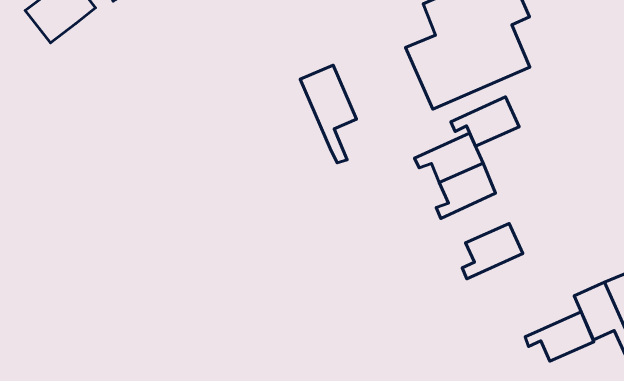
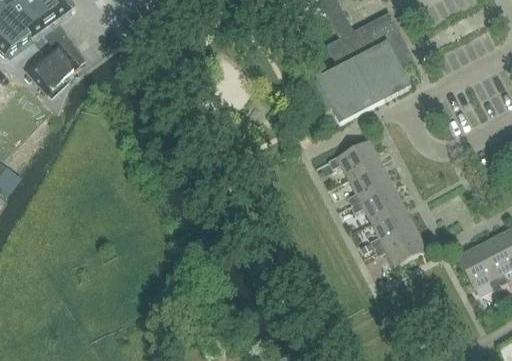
building: [300,65,357,163] -> none
building: [451,97,519,146] -> [351,182,403,221]
building: [525,312,594,361] -> [374,226,426,265]

